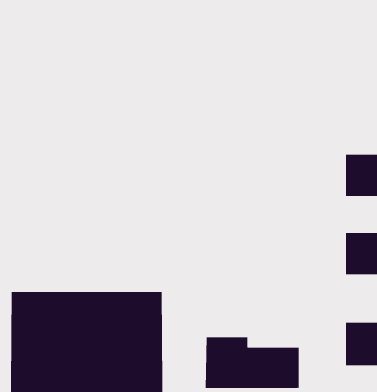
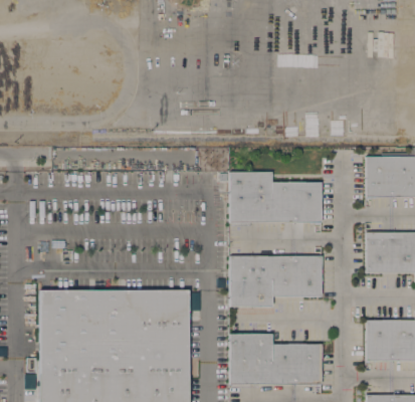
building: none -> [229,172,322,223]
building: none -> [229,255,322,307]

